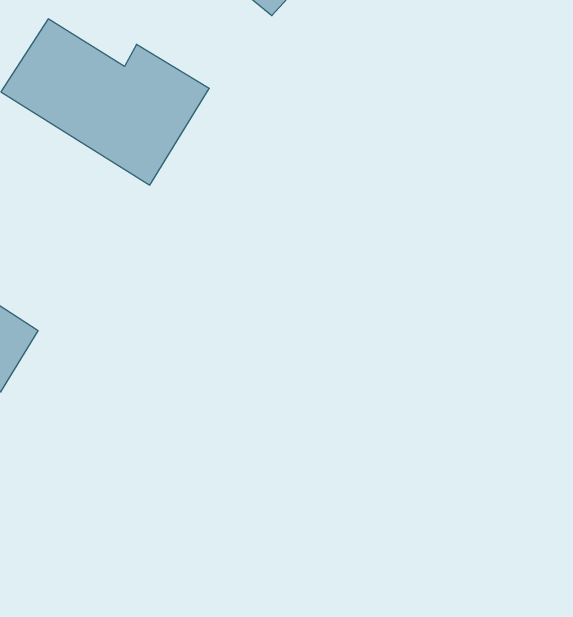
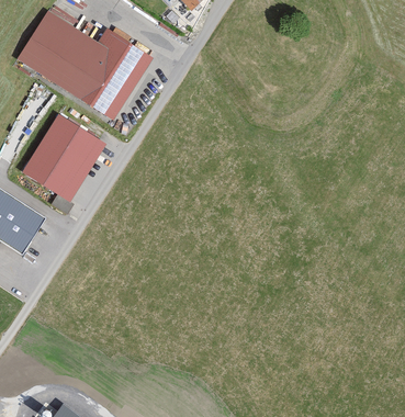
building: none -> [25,115,108,201]

